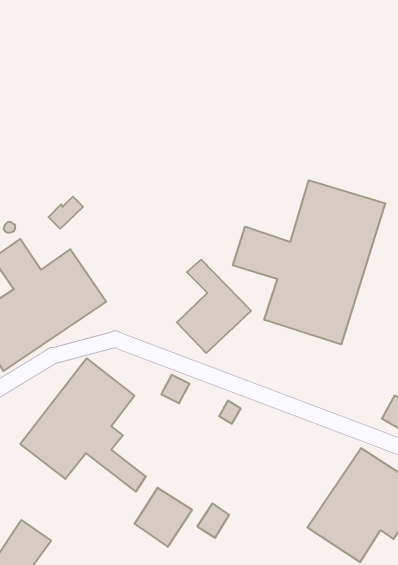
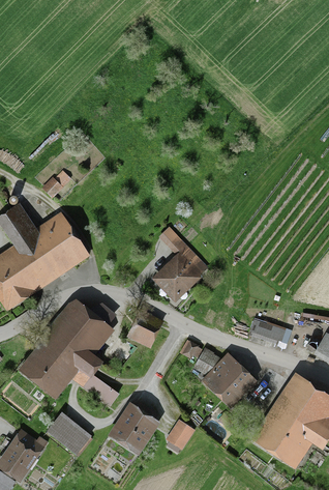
building: [233,180,385,344] -> none
building: none -> [247,316,286,342]
building: none -> [192,346,253,404]
building: none -> [48,414,91,456]

